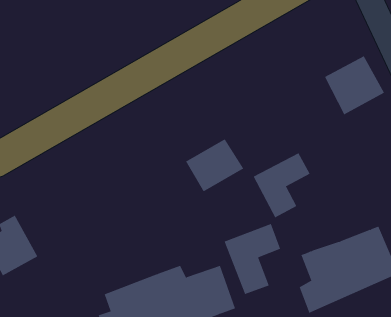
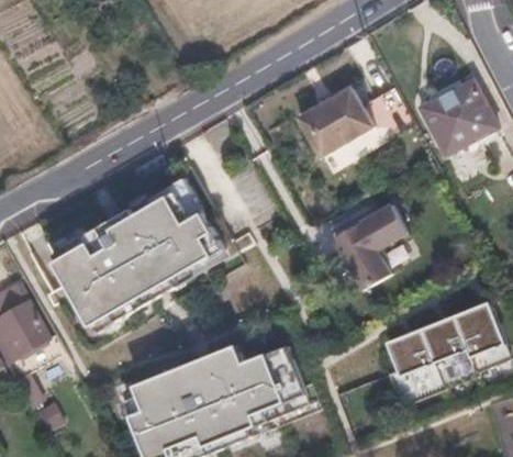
building: [185,139,244,192] -> [297,87,372,156]
building: none -> [52,194,226,327]
building: [224,223,281,295] -> none

